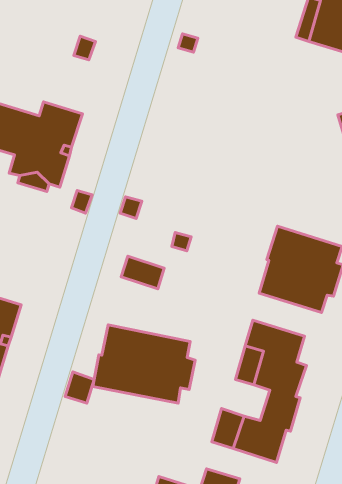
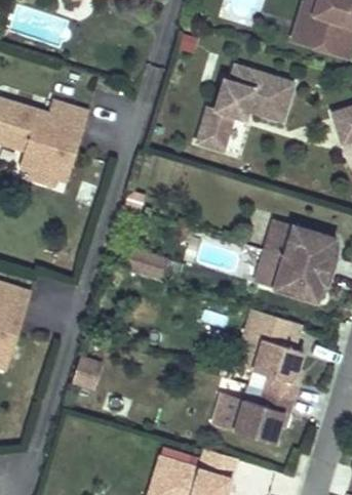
building: none -> [197,64,295,150]
building: [93,325,195,403] -> none

